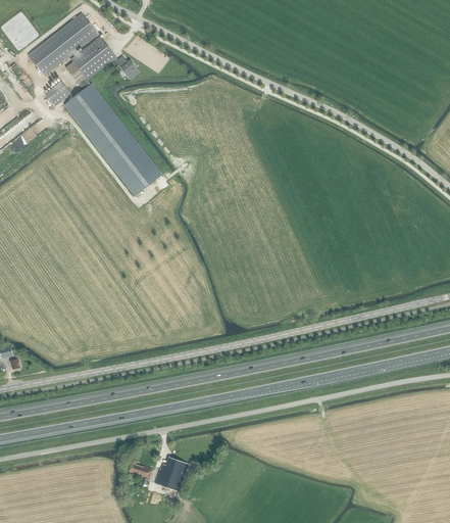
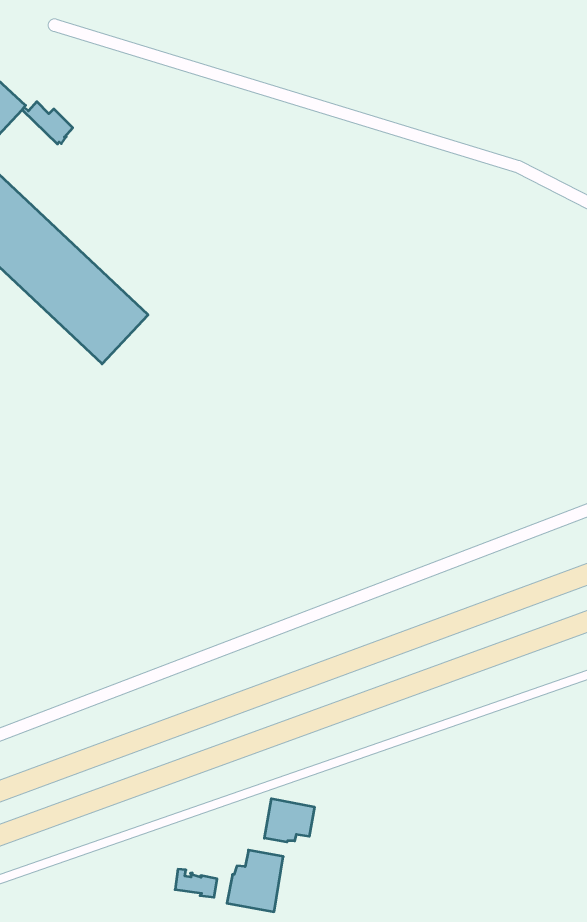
building: none -> [264,799,314,842]

